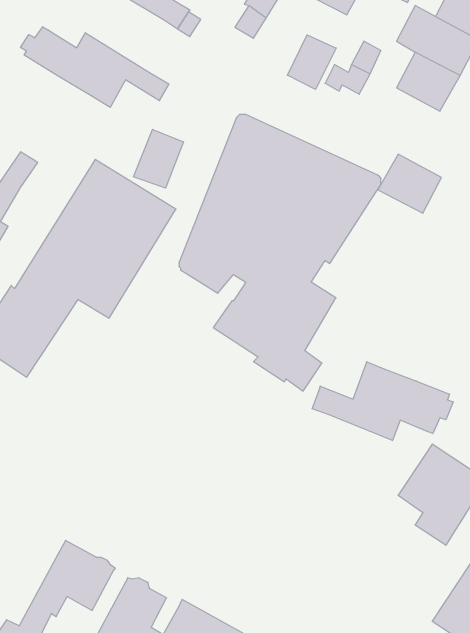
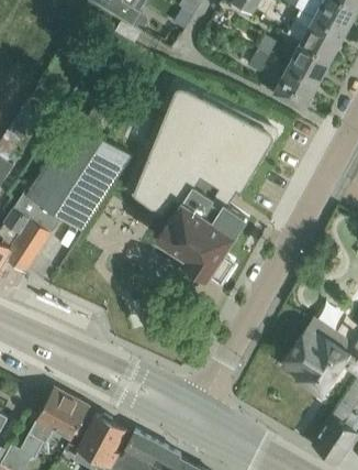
building: [21,27,169,107] -> none
building: [287,35,336,89] -> none
building: [134,129,183,188] -> none
building: [378,154,441,213] -> [272,67,317,109]
building: [312,362,453,441] -> none

